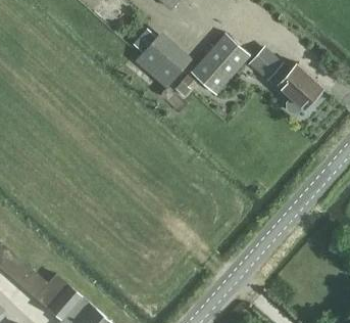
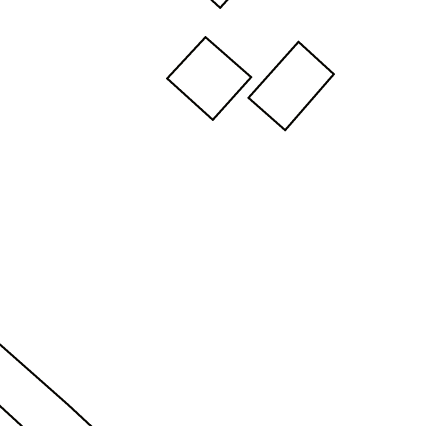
building: [249,49,282,82] -> none
building: [278,64,323,114] -> none

